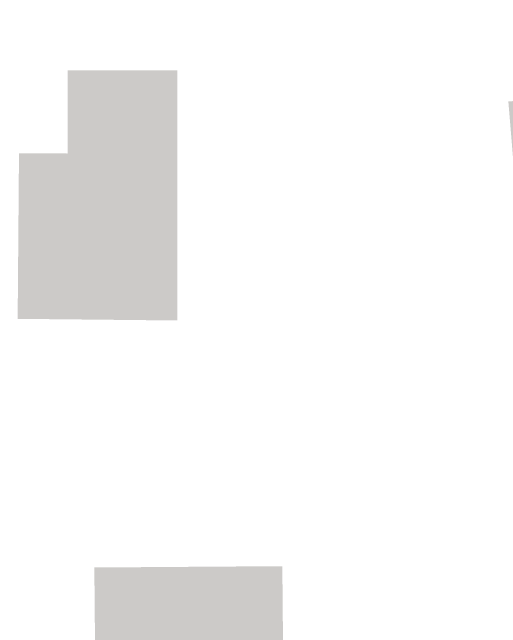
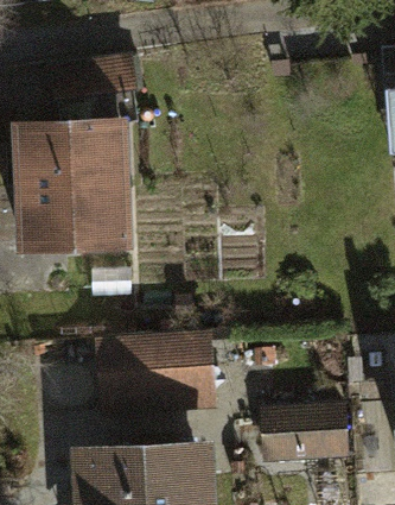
building: none -> [90,326,216,416]
building: none -> [265,400,353,460]

